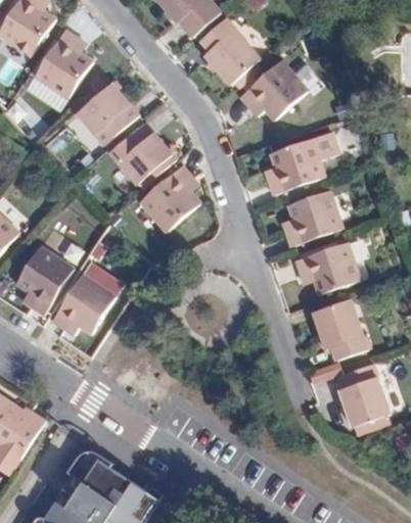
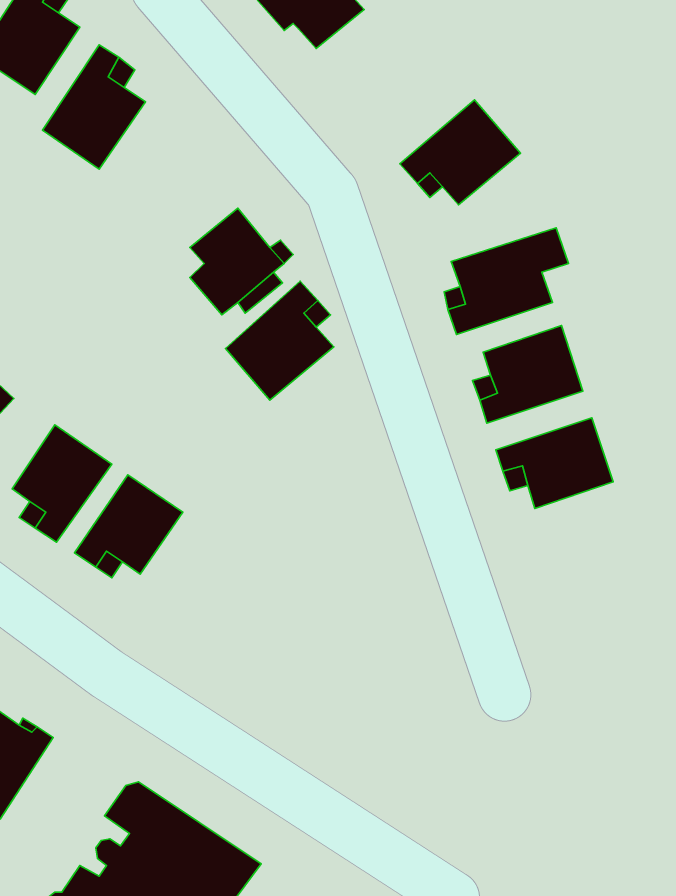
building: [199,17,261,84] -> none
building: [75,83,138,136] -> none
building: [312,298,368,359] -> none
building: [337,362,391,425] -> none

